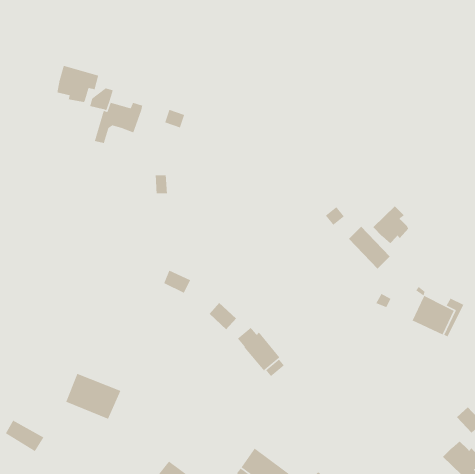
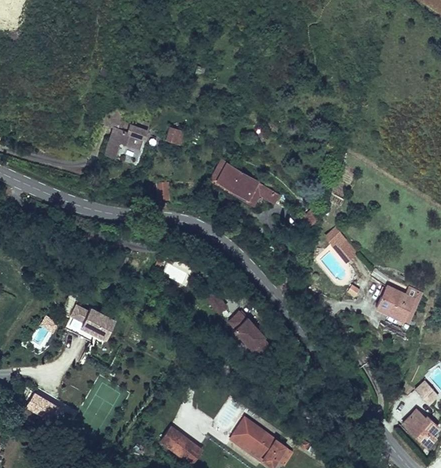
building: [56,65,99,103] -> none
building: none -> [211,161,281,207]
building: [372,206,409,244] -> none
building: [65,373,121,420] -> [66,304,114,344]

